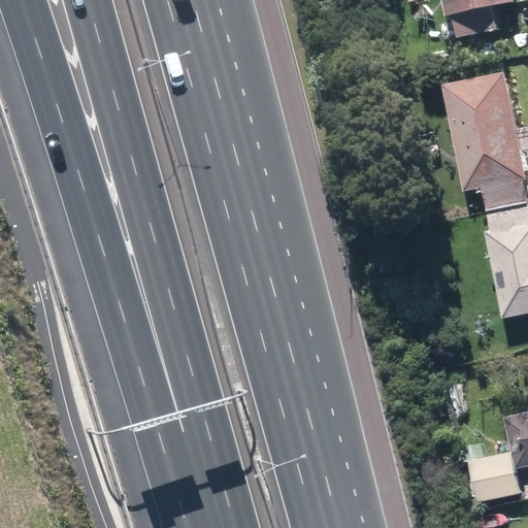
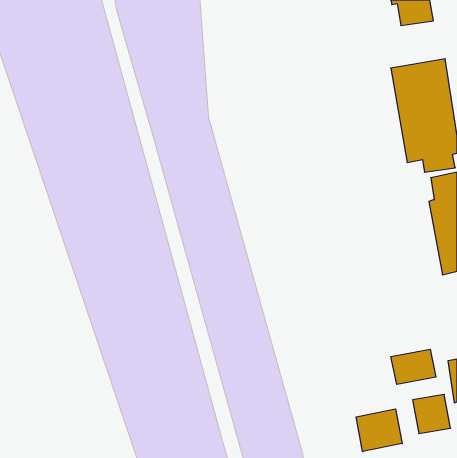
building: none -> [391,349,436,384]
building: none -> [356,409,402,452]

